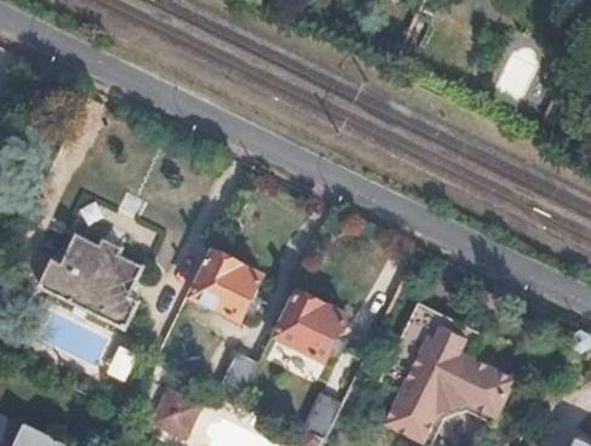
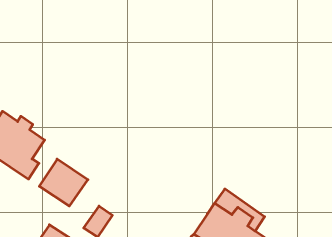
building: [193,250,263,316] -> [39,159,88,206]
building: [277,290,346,358] -> none

